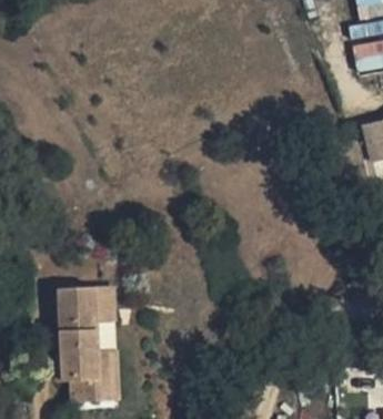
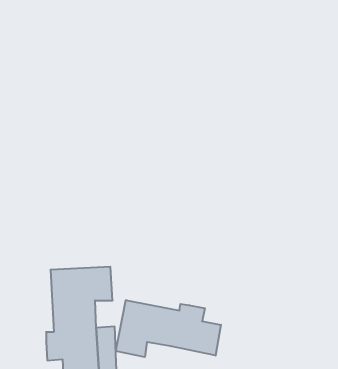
building: none -> [116,300,221,357]

